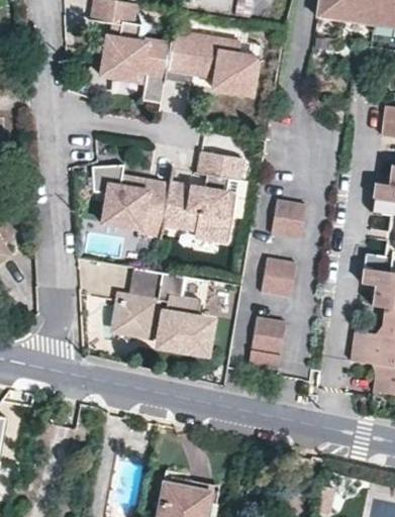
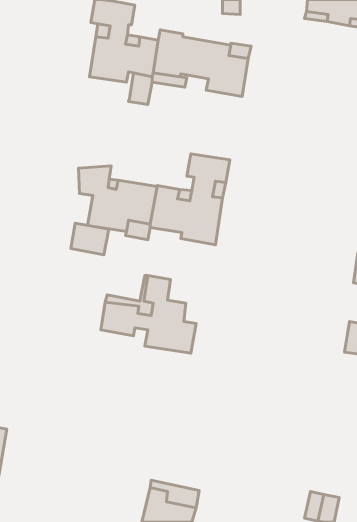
building: [271,198,304,236] -> none
building: [261,256,294,296] -> none
building: [119,267,157,298] -> [71,223,109,255]
building: [250,315,286,368] -> none

